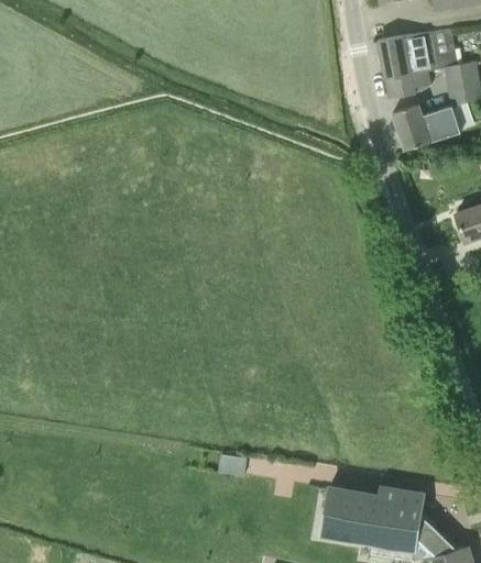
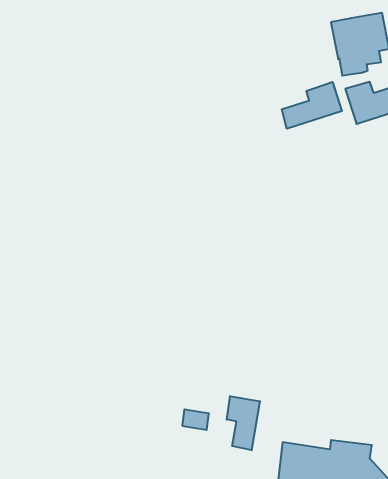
building: none -> [282,82,342,129]
building: none -> [227,396,260,450]

